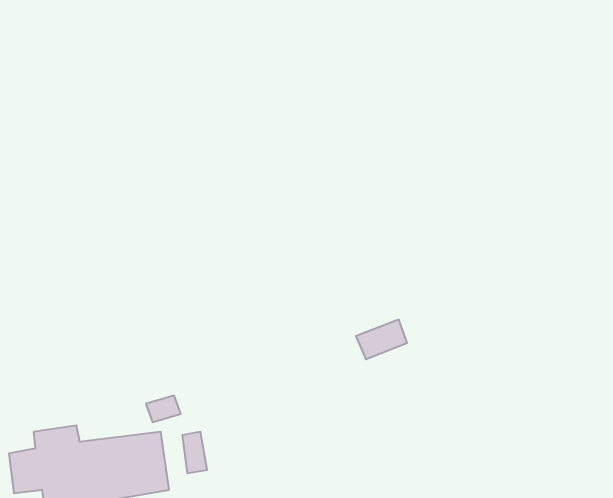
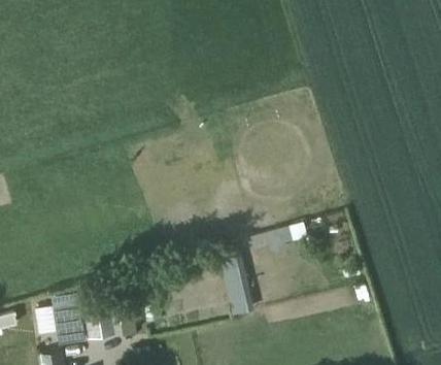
building: none -> [223,269,253,317]

